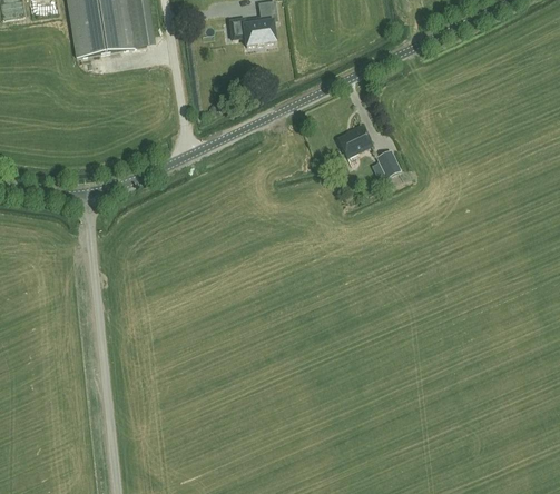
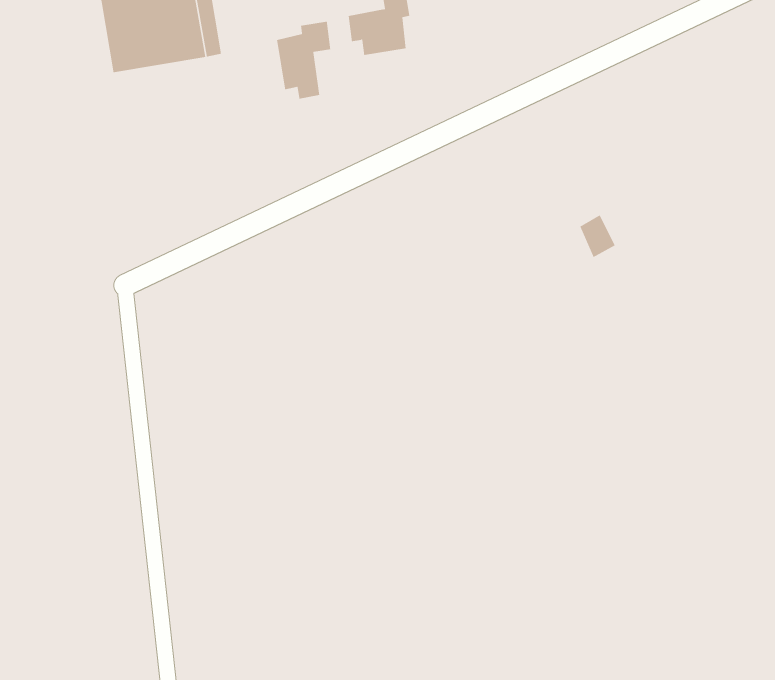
building: none -> [277,21,331,100]
building: [340,123,373,156] -> none

